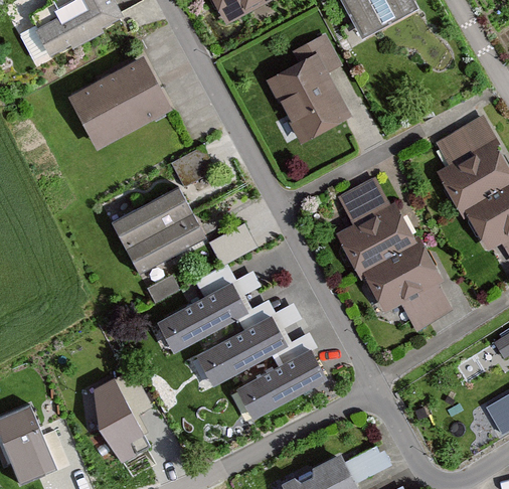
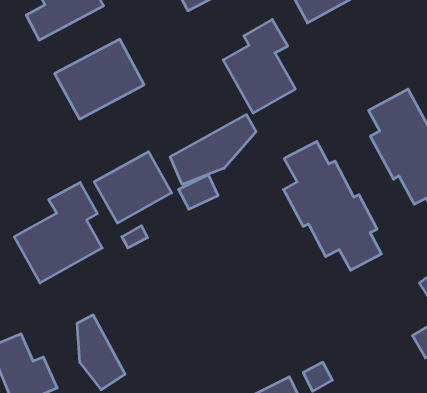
building: none -> [170,115,256,184]
building: none -> [14,182,102,283]
building: [154,283,245,351] -> none
building: [193,315,285,383] -> none
building: [235,348,328,418] -> none

